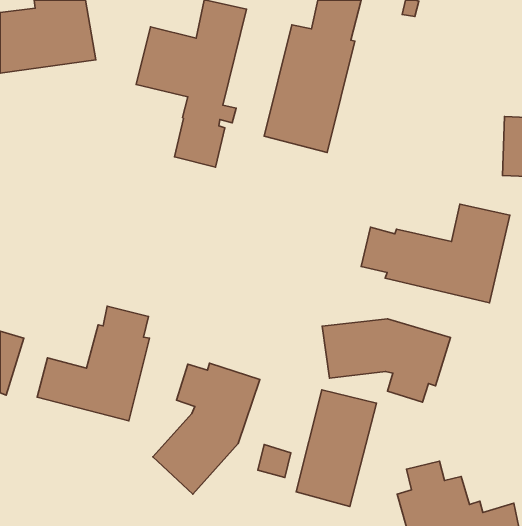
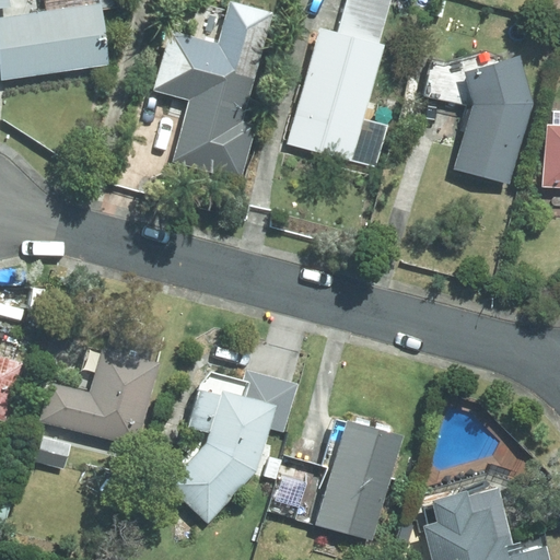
building: none -> [422,55,527,184]
building: [361,204,510,303] -> none
building: [322,319,450,402] -> none

